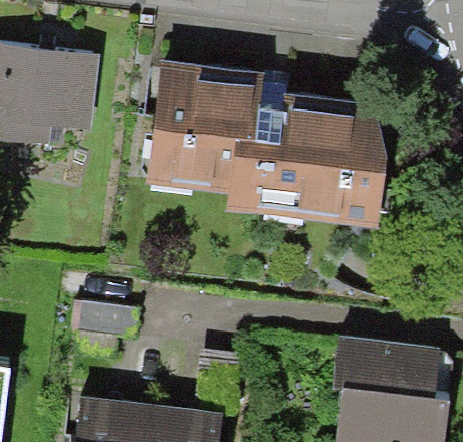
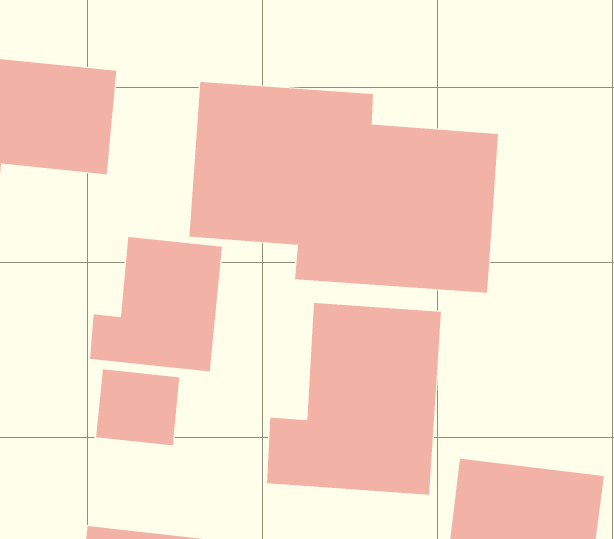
building: none -> [89,236,223,372]
building: none -> [267,302,441,495]

